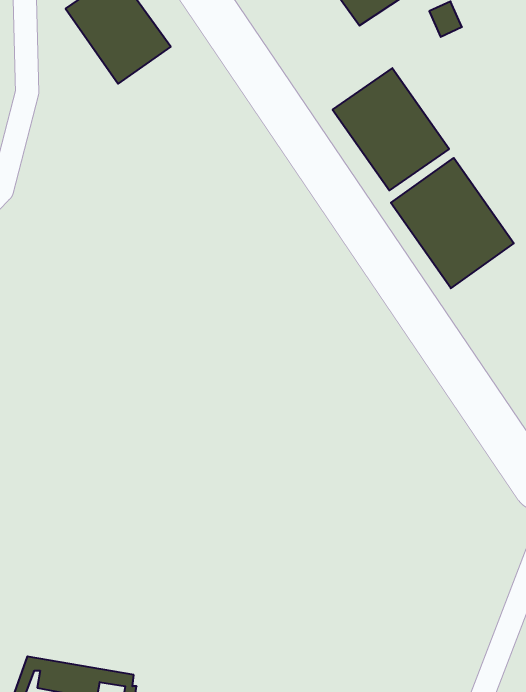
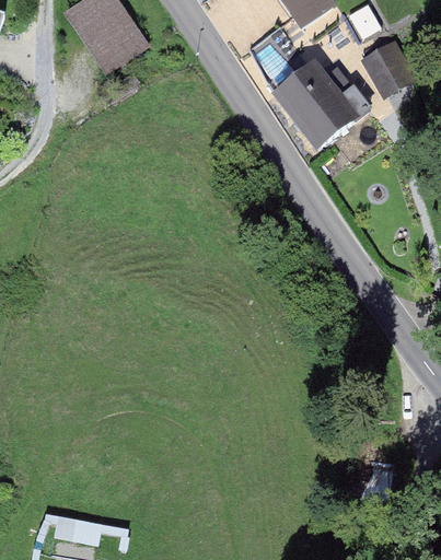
building: none -> [358,42,414,101]
building: [391,158,514,288] -> none

